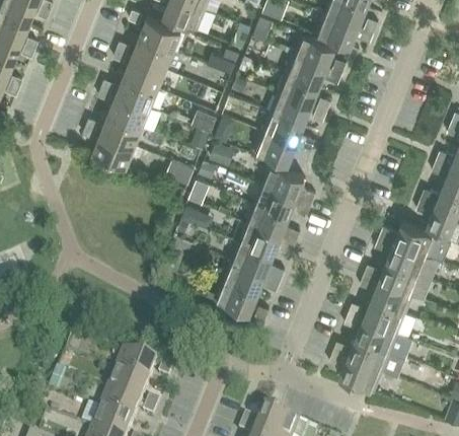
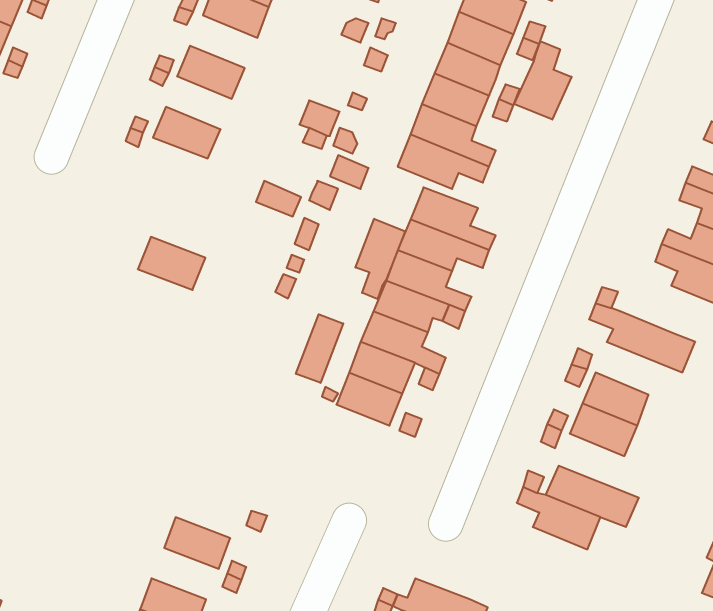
building: [123,55,165,88] -> none
building: none -> [514,41,572,120]
building: [107,93,149,127] -> none
building: [91,132,134,165] -> [138,237,205,290]
building: none -> [355,219,405,299]
building: [393,222,436,256] -> none
building: none -> [296,314,343,383]
building: [378,261,433,299] -> none
building: [355,318,413,359] -> none
building: [113,351,156,384] -> none
building: [98,390,141,423] -> none

